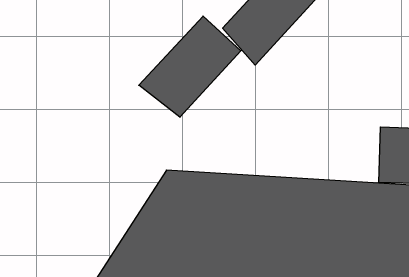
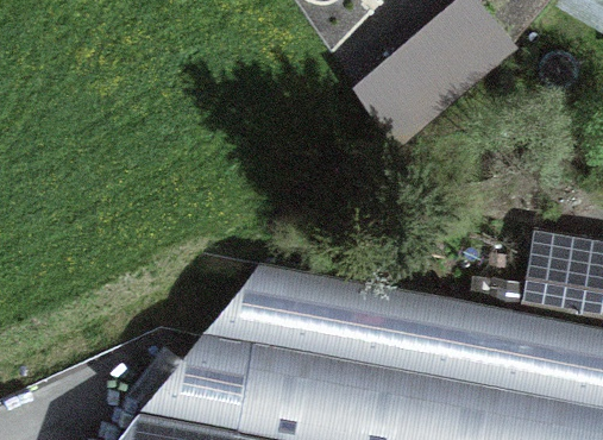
building: [139,16,241,117] -> none

